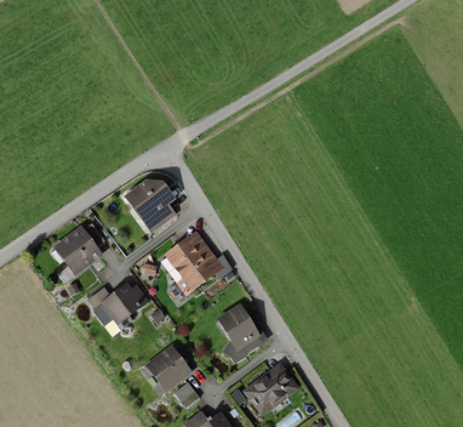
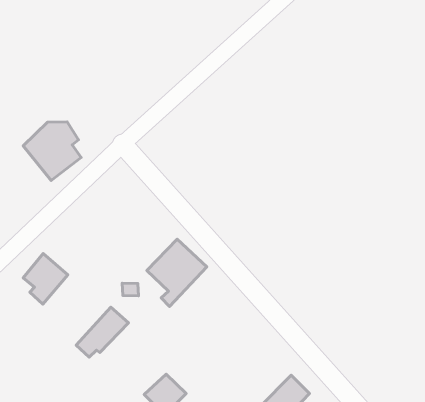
building: [130,182,178,233] -> [23,122,81,181]
building: [221,307,262,351] -> none

